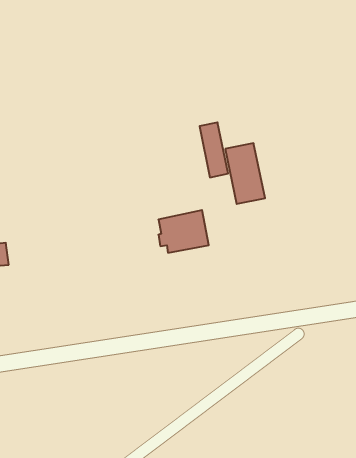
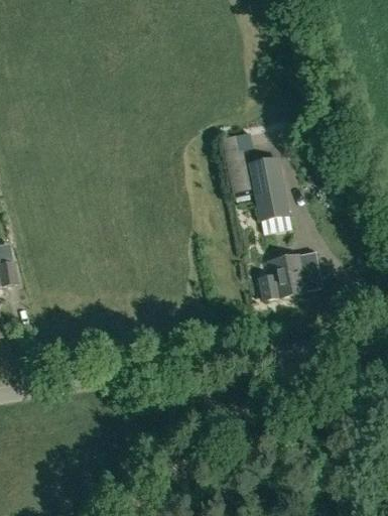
building: [158,210,209,253] -> [268,250,321,295]

